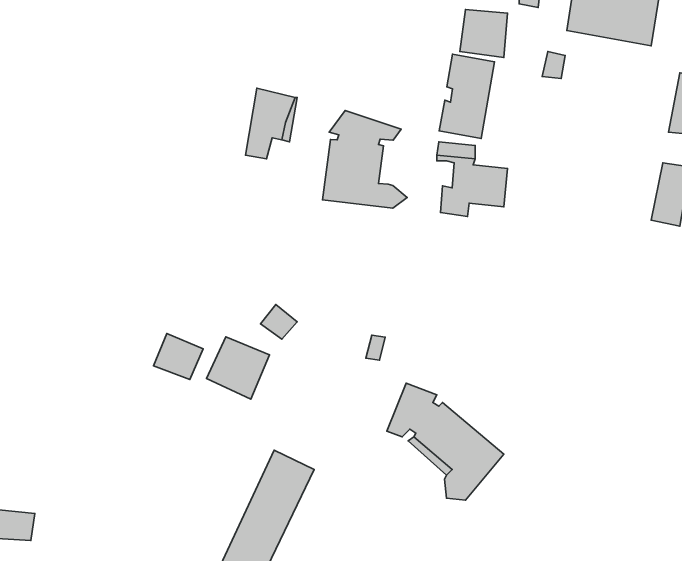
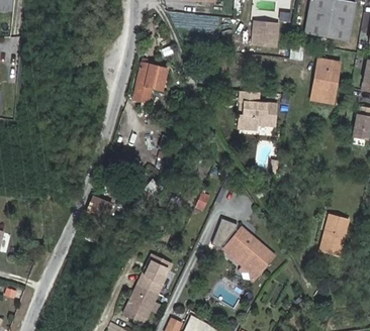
building: [439,54,495,139] -> [311,59,341,103]
building: [322,110,407,208] -> none
building: [206,337,269,399] -> none
building: none -> [319,214,347,255]

